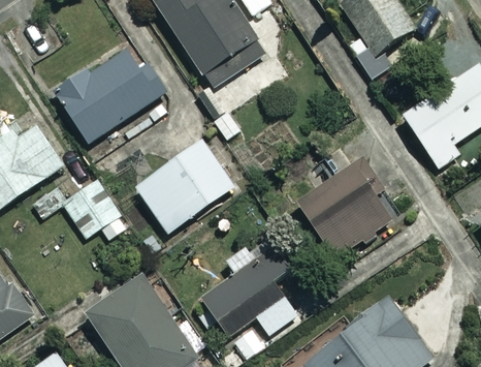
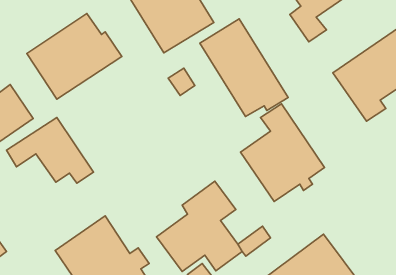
building: none -> [200,19,288,117]
building: [136,140,234,233] -> none

